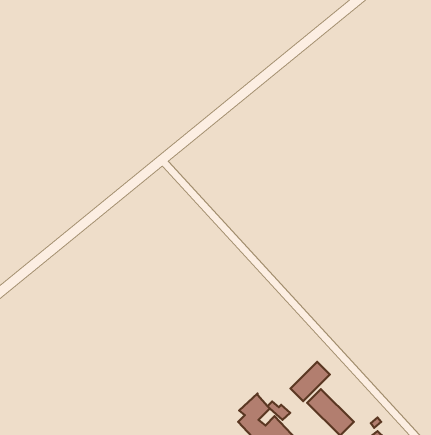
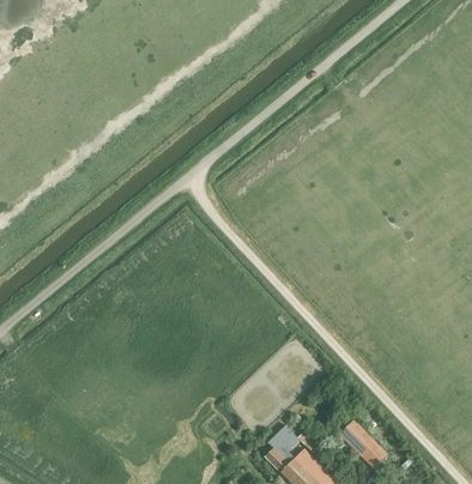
building: [290,362,330,401] -> none

